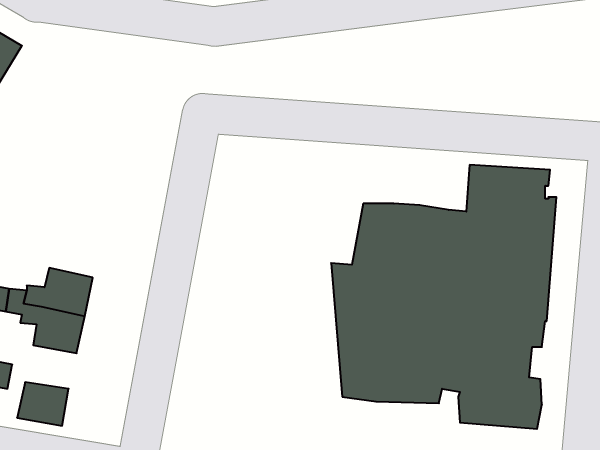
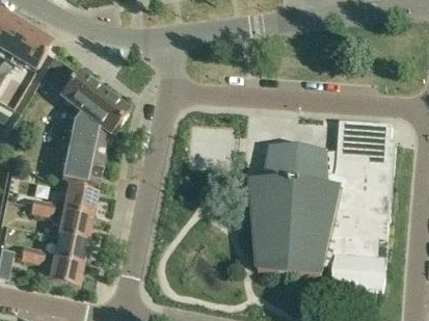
building: none -> [59,71,128,184]
building: none -> [53,234,86,262]

